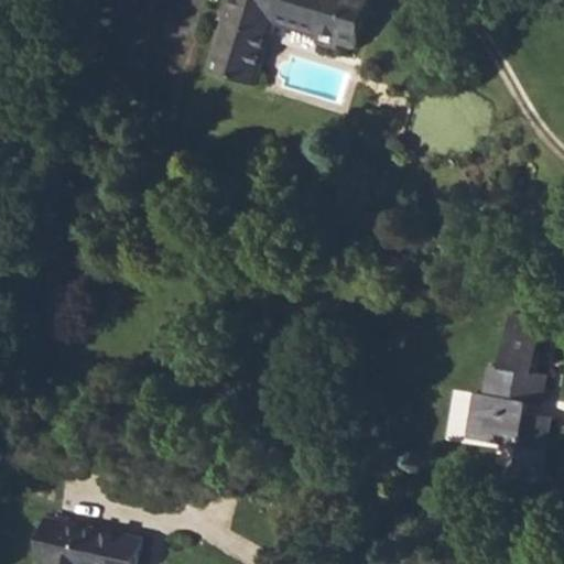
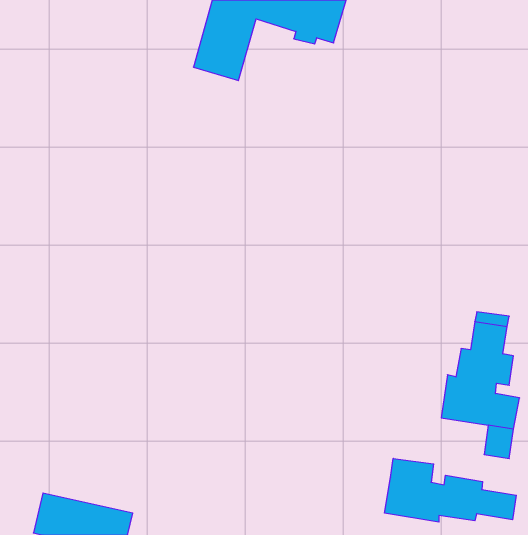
building: none -> [385,458,516,522]

